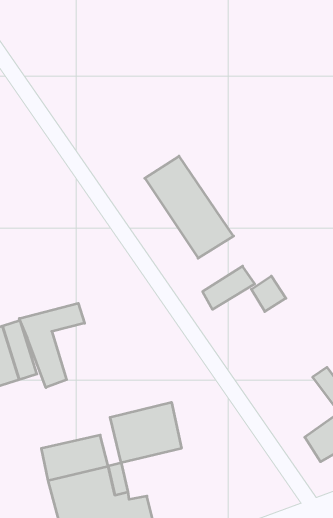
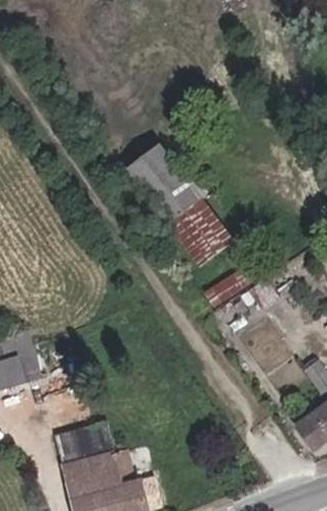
building: none -> [130,147,178,193]
building: [19,303,85,388] -> none
building: [110,402,181,463] -> none

